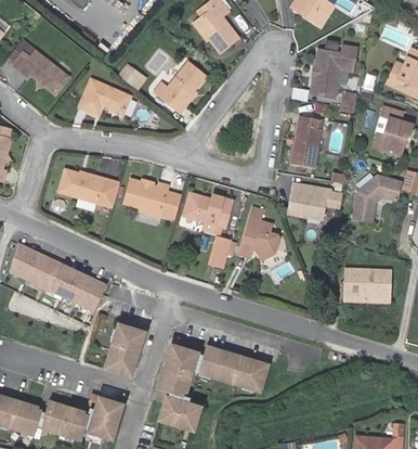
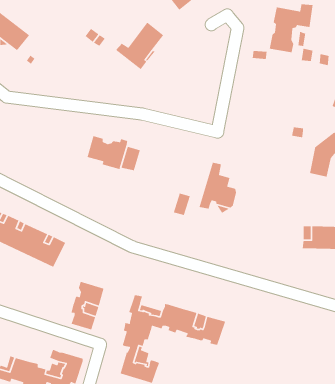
building: [79,77,129,113] -> none
building: [292,112,321,163] -> none
building: [58,167,120,205] -> none
building: [288,180,330,215] -> none
building: [185,192,232,231] -> none

